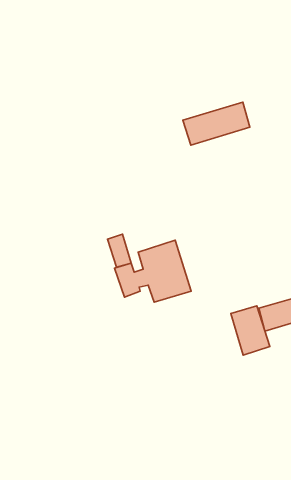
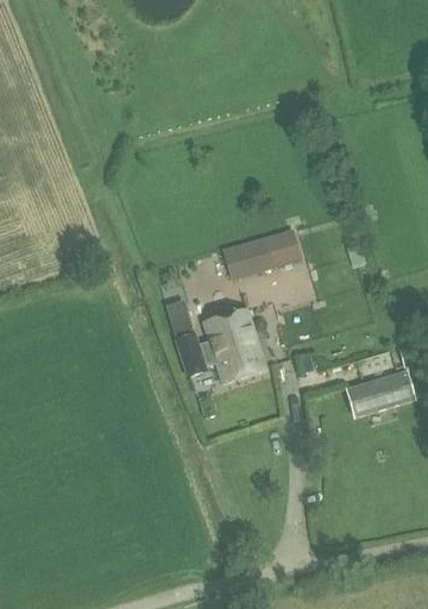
building: [183,102,250,145] -> [222,228,302,280]
building: [231,306,270,355] -> none

